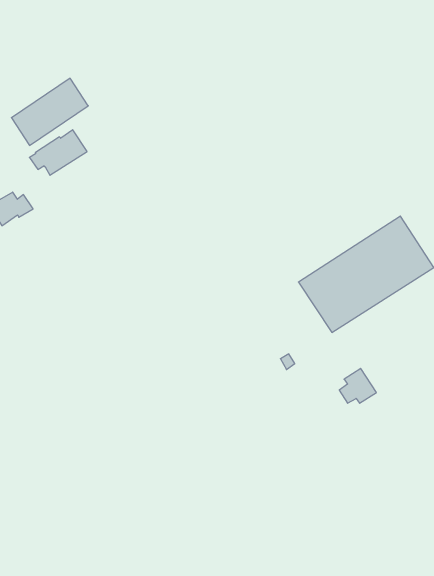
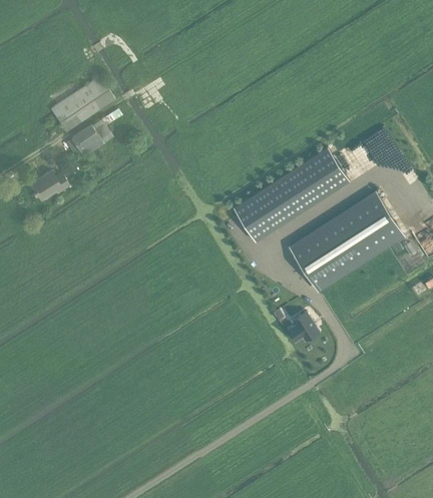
building: none -> [233,147,348,241]
building: [339,368,376,403] -> [287,312,318,341]

